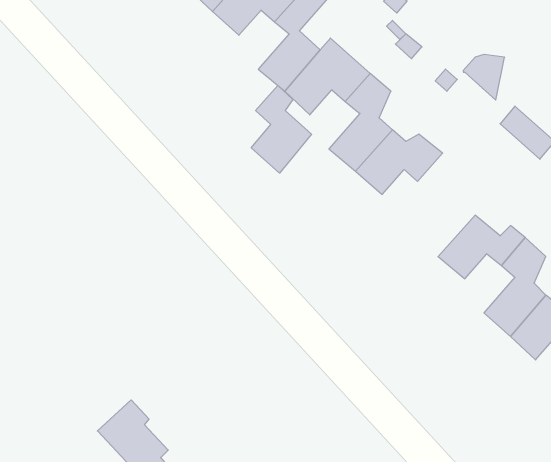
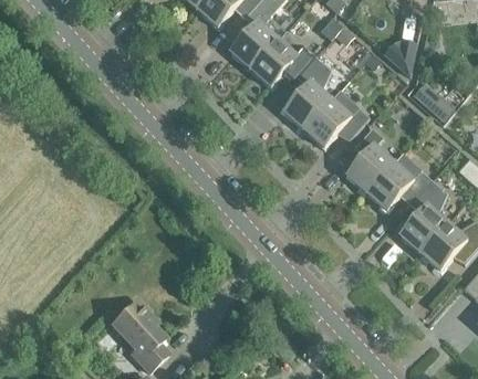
building: [251,85,312,173] -> none
building: none -> [349,127,395,193]

